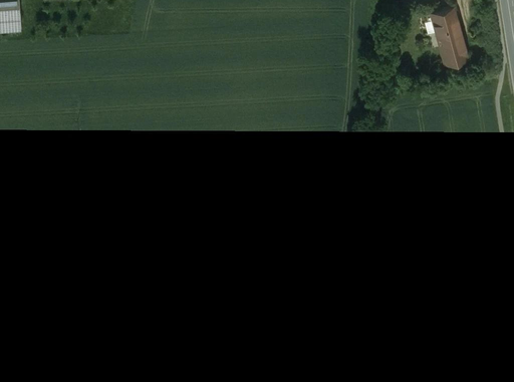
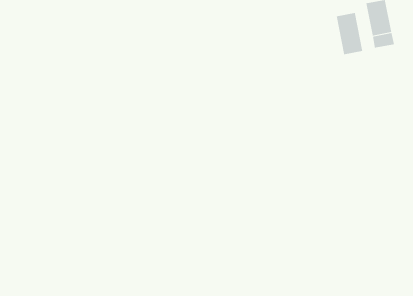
building: none -> [336,12,363,55]

